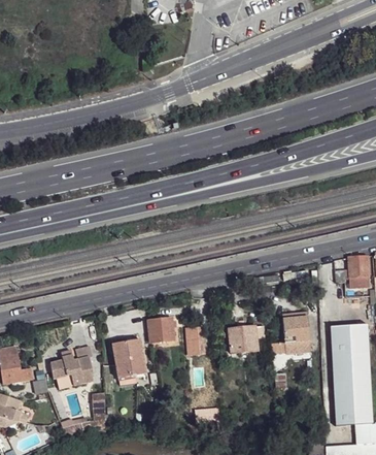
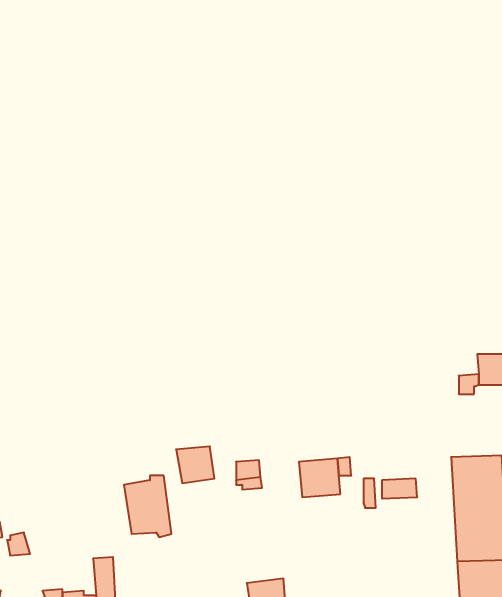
building: [283,317,308,340] -> none
building: [50,351,93,386] -> none

